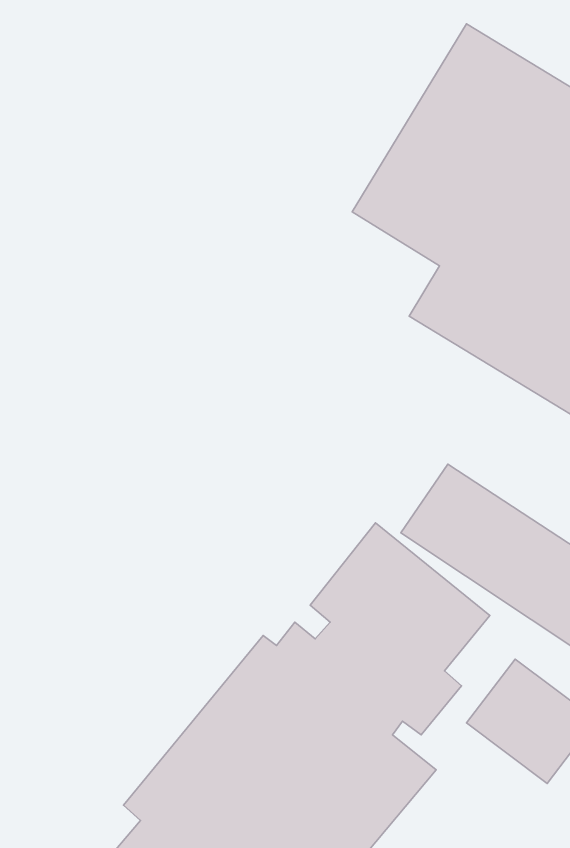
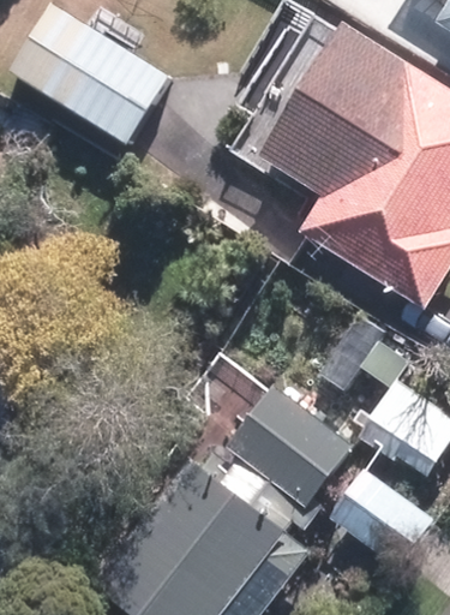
building: none -> [14,8,166,143]

